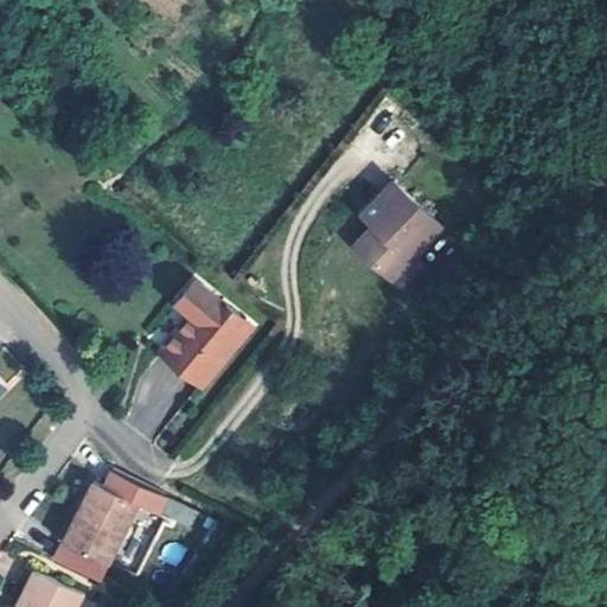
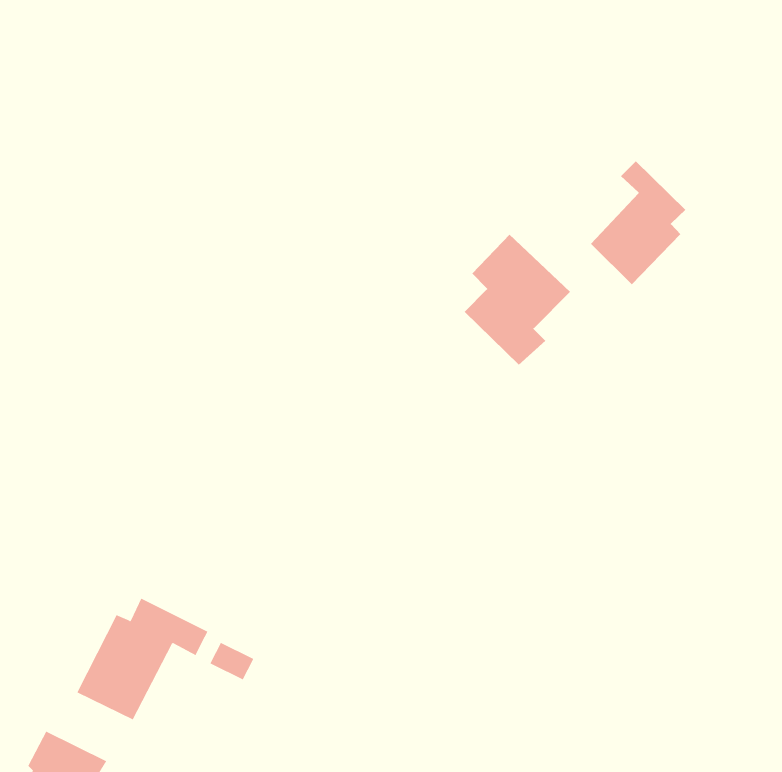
building: none -> [590,160,686,285]
building: [146,283,250,386] -> none

